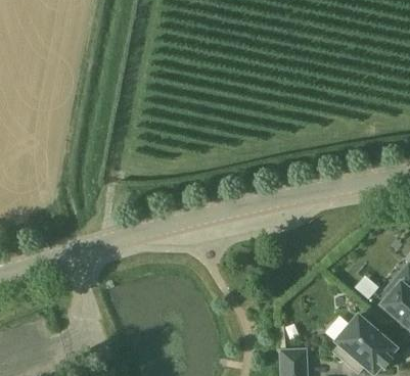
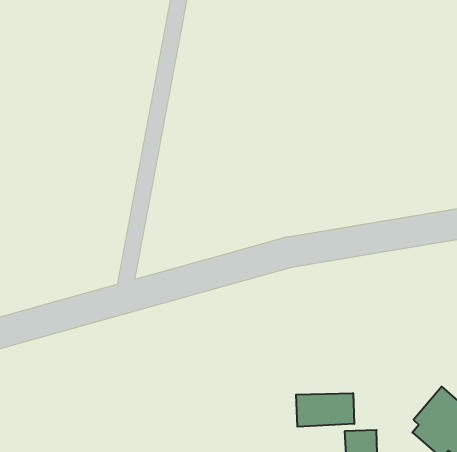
building: none -> [296,393,354,427]

